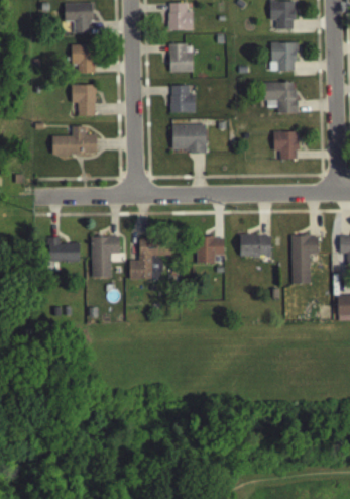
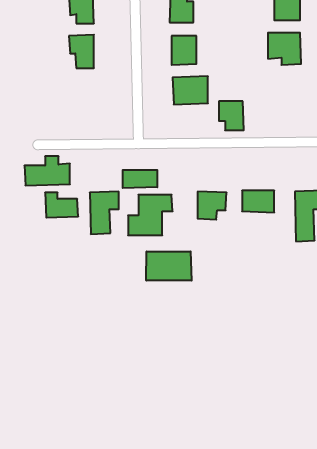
building: [52,126,97,155] -> [24,156,70,185]
building: [274,131,299,160] -> [219,101,244,130]
building: none -> [123,170,157,188]
building: none -> [146,251,192,281]

